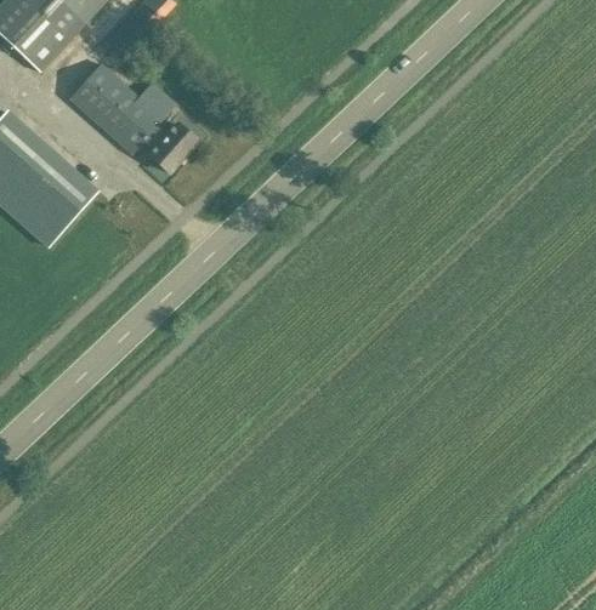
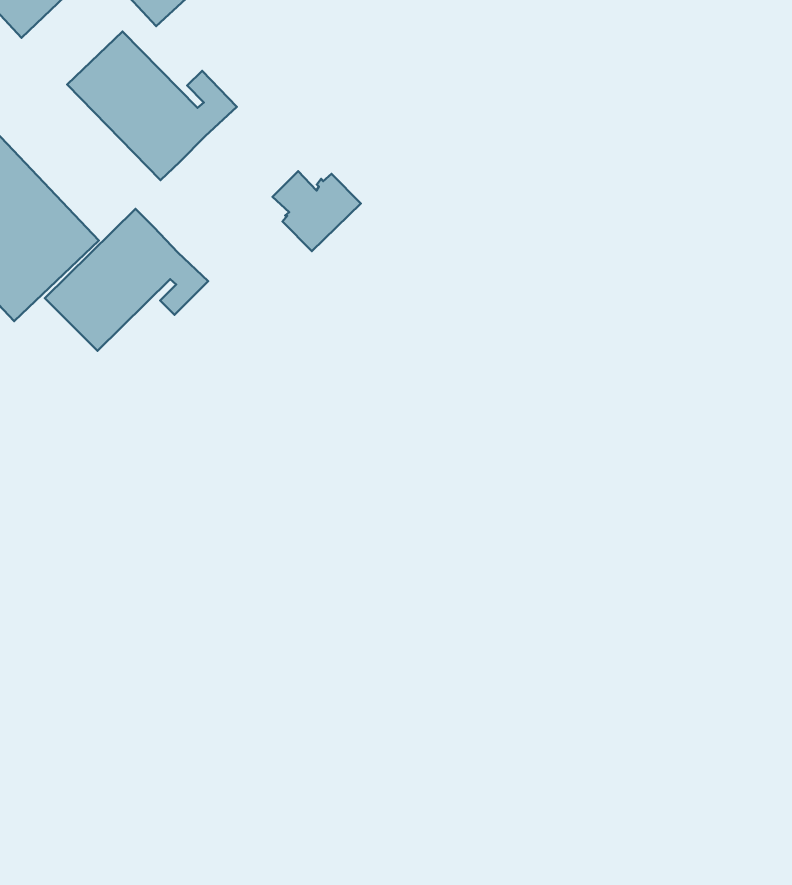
building: [143,122,198,171] -> [273,171,361,251]
building: none -> [45,209,208,351]

